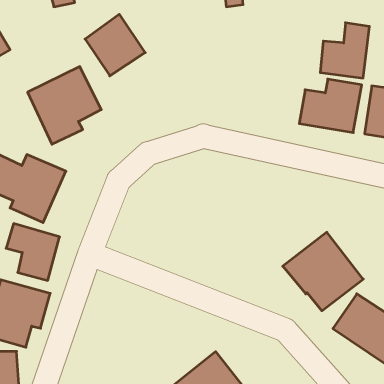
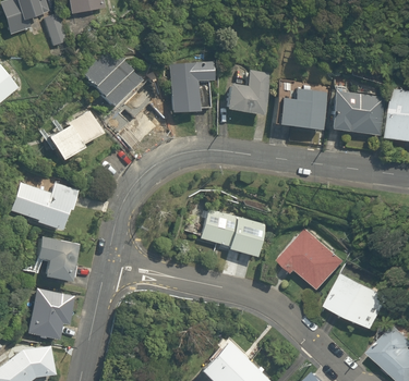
building: [320,23,369,78] -> [228,72,266,118]
building: none -> [166,57,212,115]
building: none -> [193,205,260,255]

